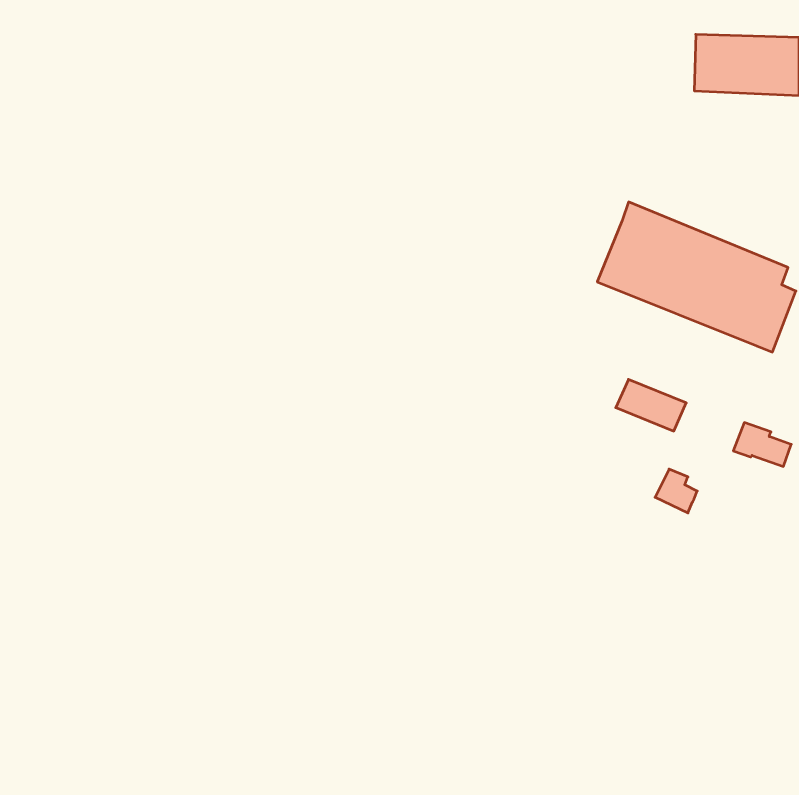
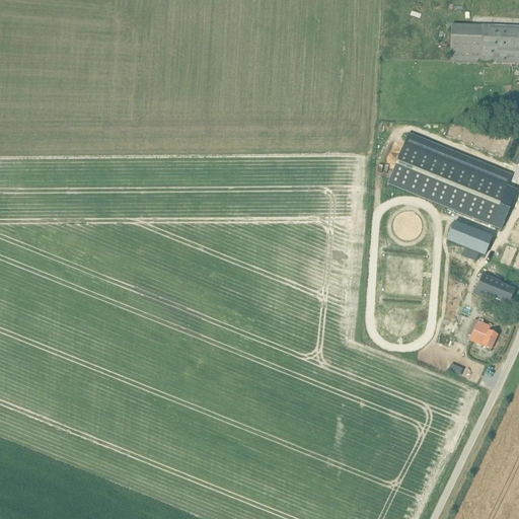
building: [616,379,686,431] -> [446,221,492,254]
building: [655,469,697,513] -> [469,319,497,348]

